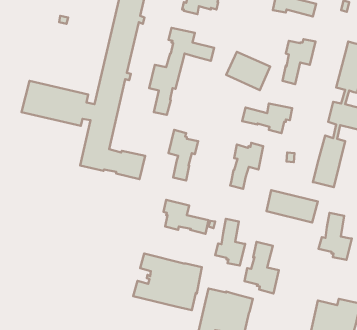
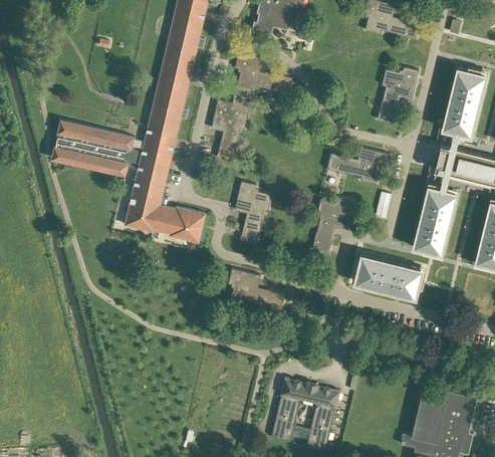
building: [226,52,270,90] -> none
building: [319,213,352,260] -> none
building: [215,219,245,266] -> none
building: [244,242,279,293] -> none
building: [133,254,202,310] -> none

